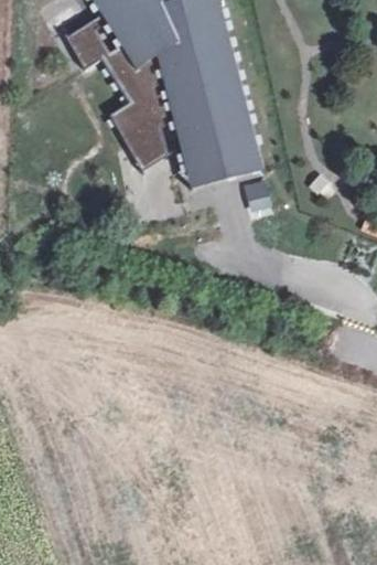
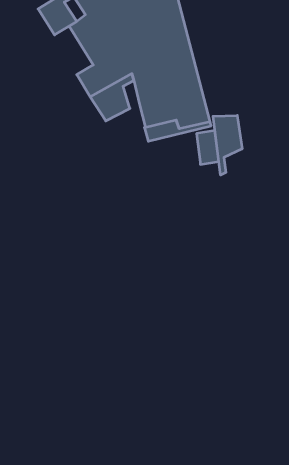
building: none -> [213,115,242,175]

